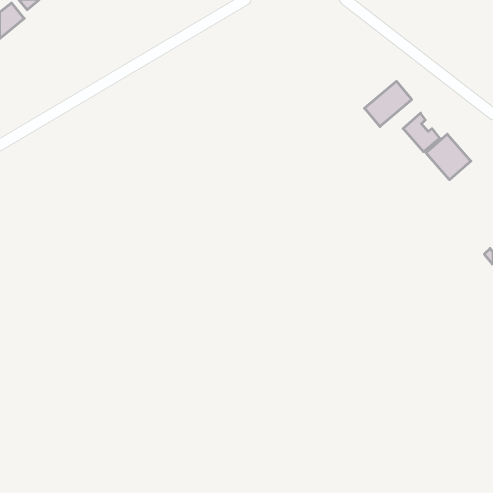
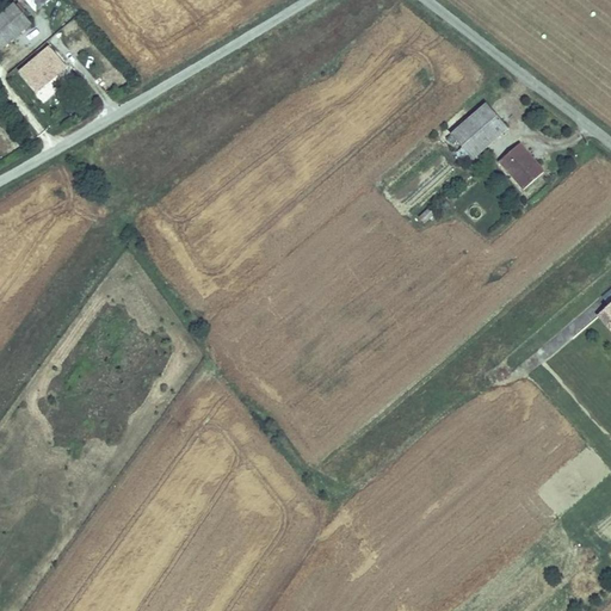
building: none -> [18,45,68,93]
building: [426,134,471,180] -> none

